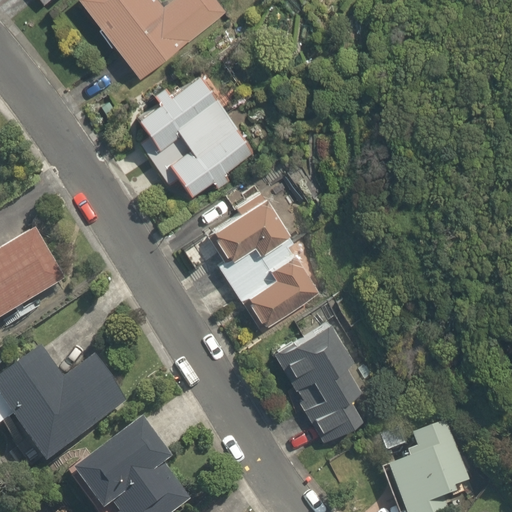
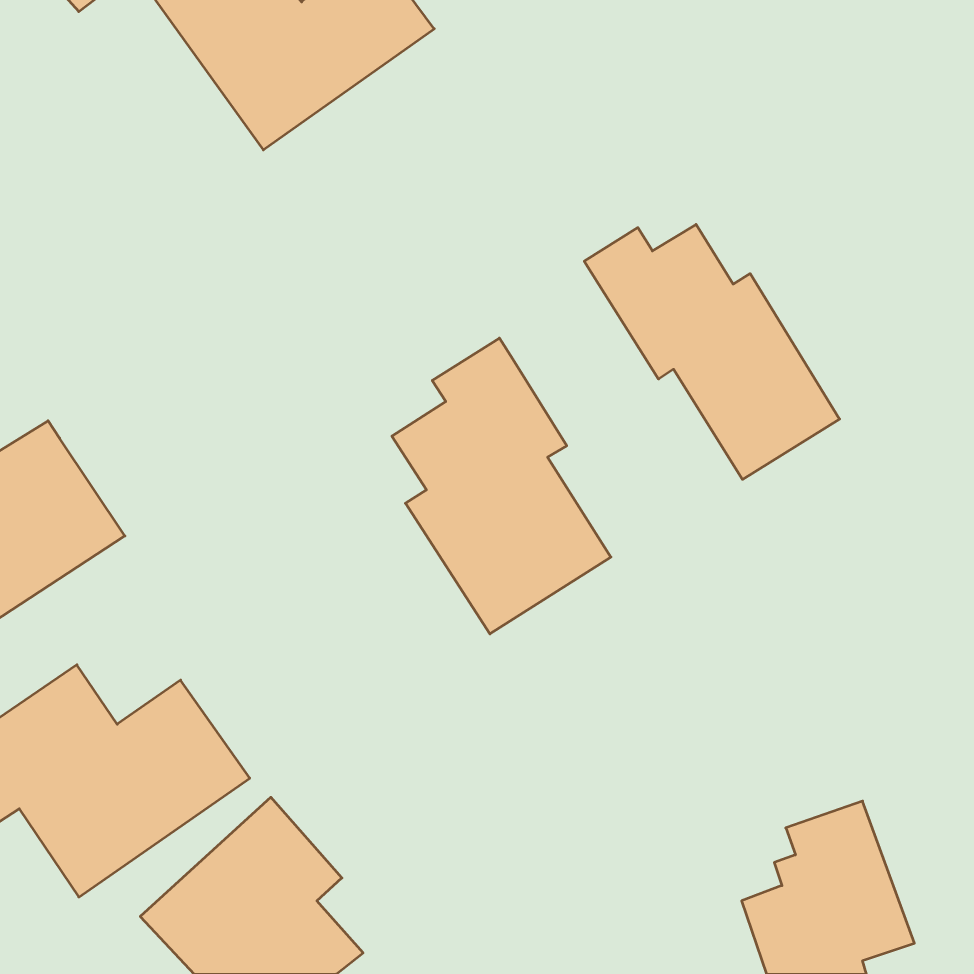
building: [130,63,254,198] -> none
building: none -> [584,224,840,479]
building: [265,312,386,447] -> none

